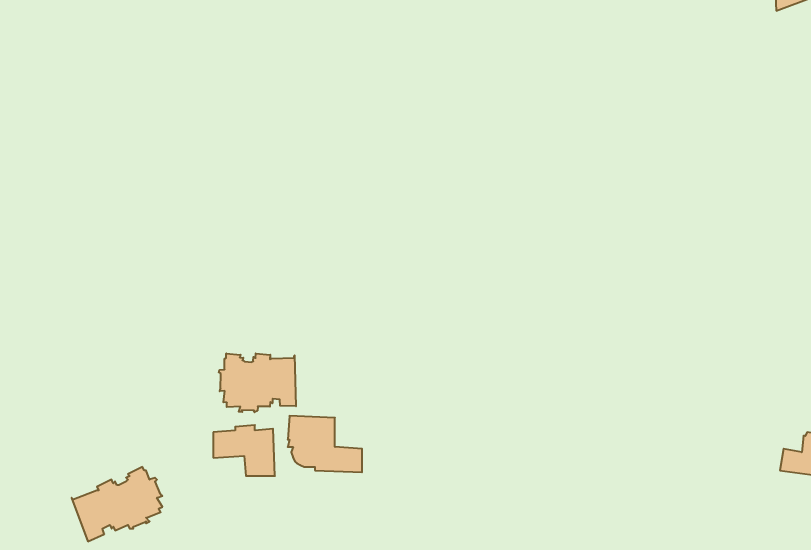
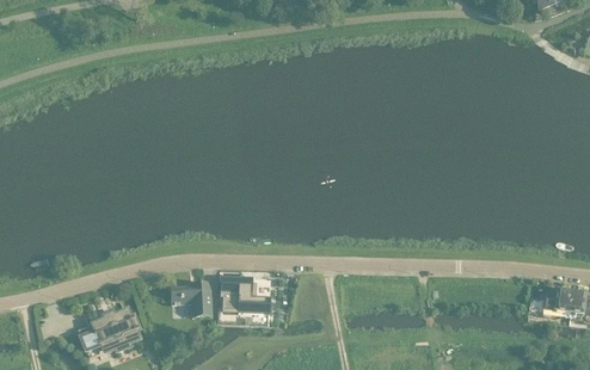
building: [219,353,296,412] -> none

